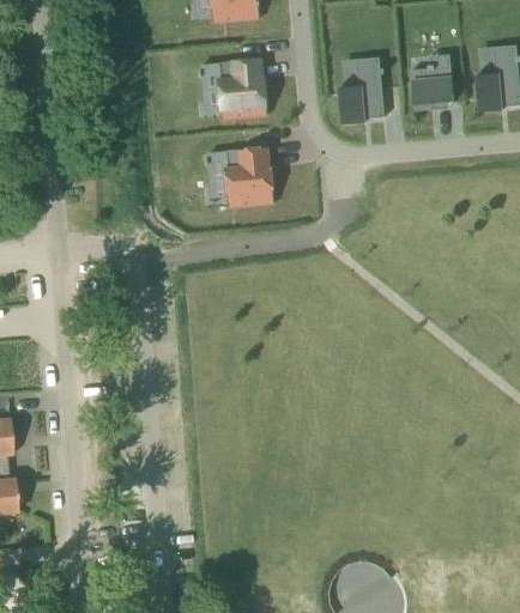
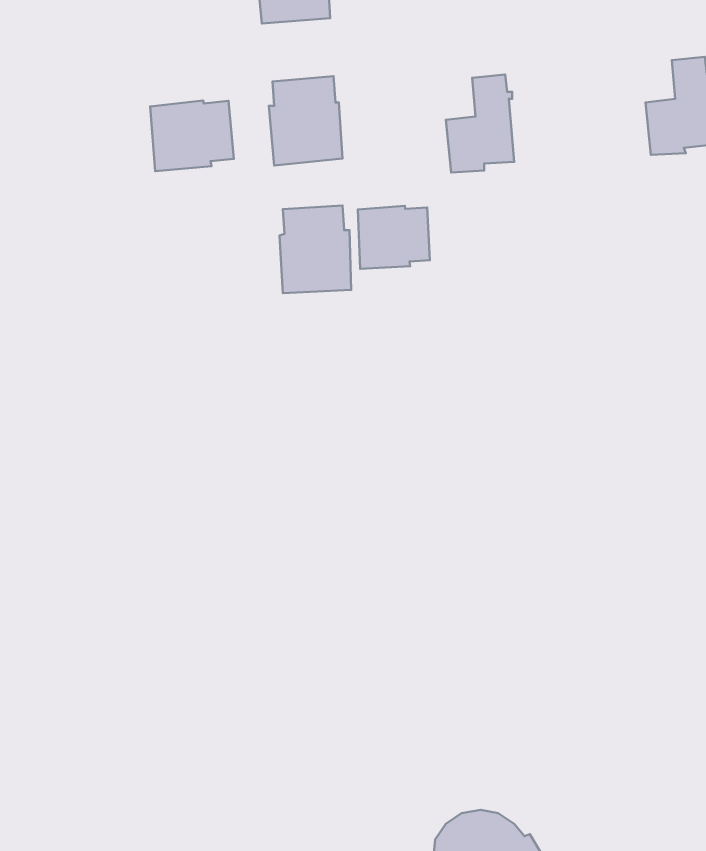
building: [412,65,453,111] -> none
building: none -> [150,100,234,171]
building: none -> [358,206,430,269]

